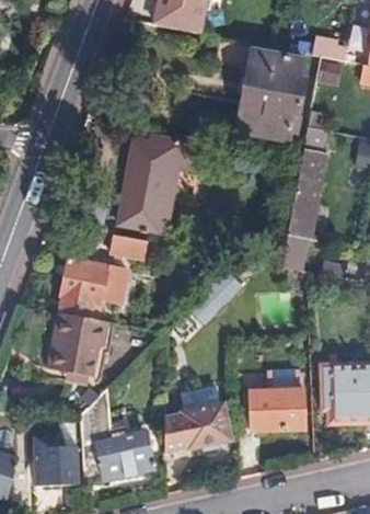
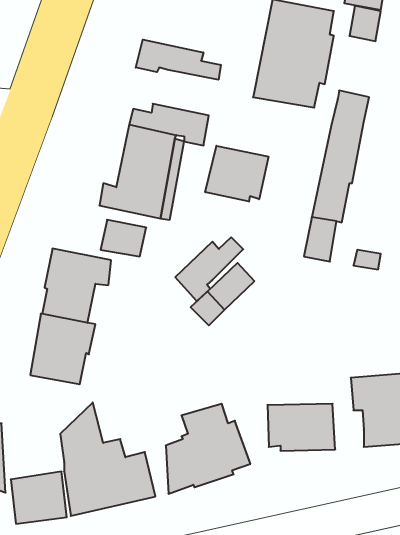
building: none -> [136,40,221,80]
building: none -> [205,146,268,202]
building: none -> [175,237,243,301]

